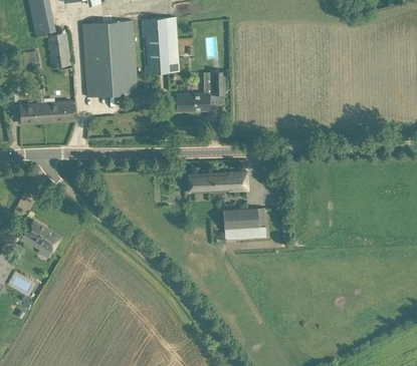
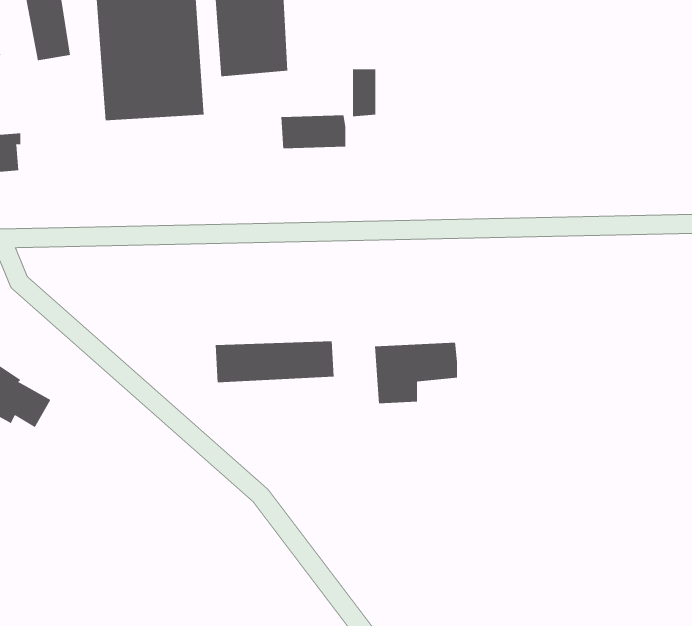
building: [43,101,73,121] -> none
building: [188,171,248,193] -> [215,341,334,383]

